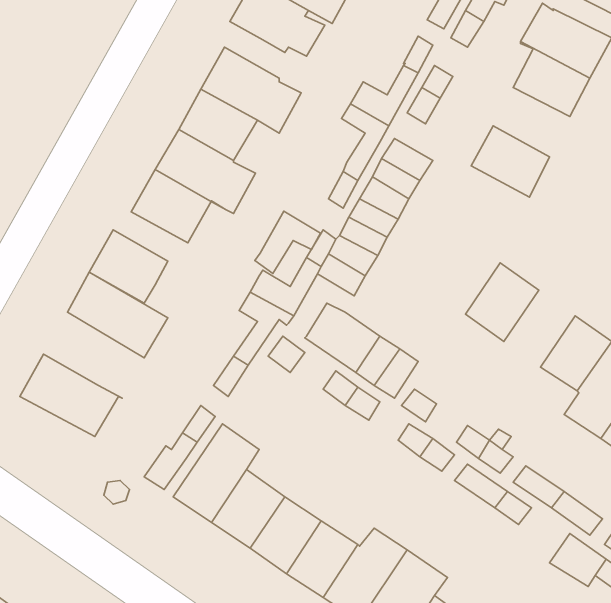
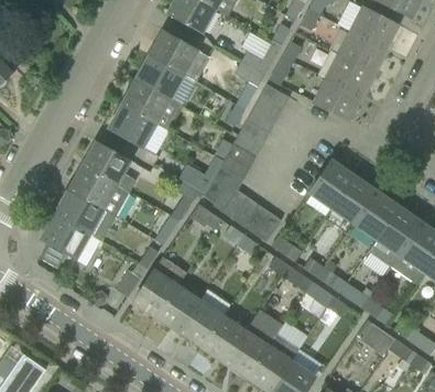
building: none -> [326,54,372,96]
building: [255,211,320,273] -> [203,166,242,204]
building: none -> [333,176,376,222]
building: none -> [55,189,116,241]

